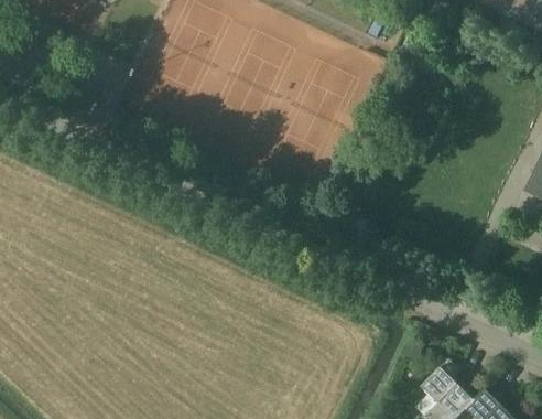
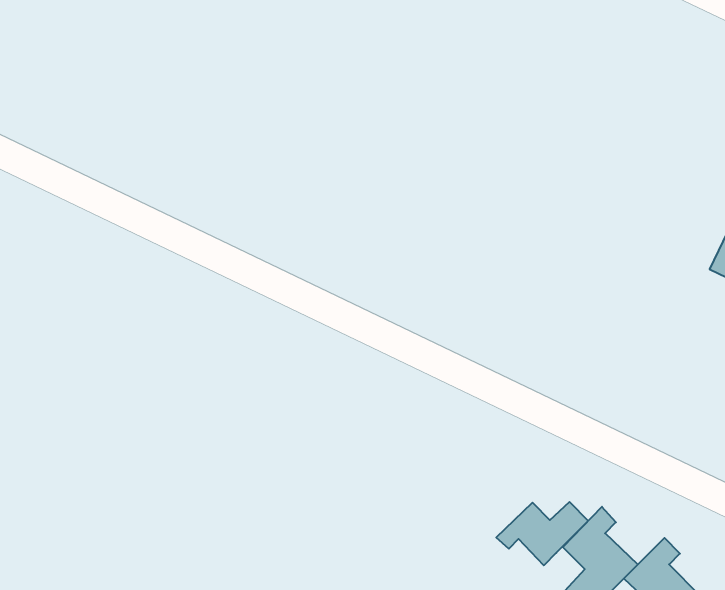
building: none -> [496,502,588,565]

